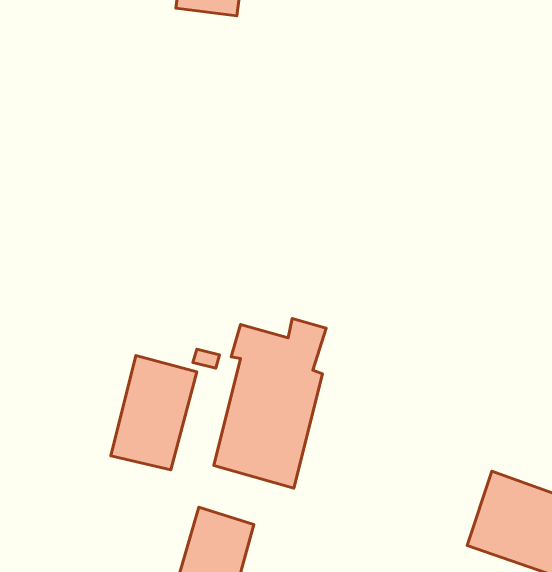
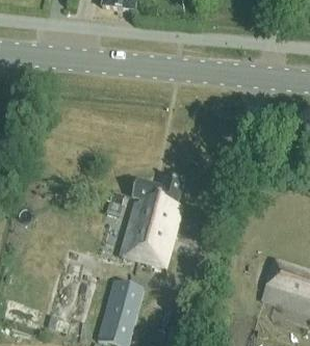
building: [111,355,197,470] -> none

